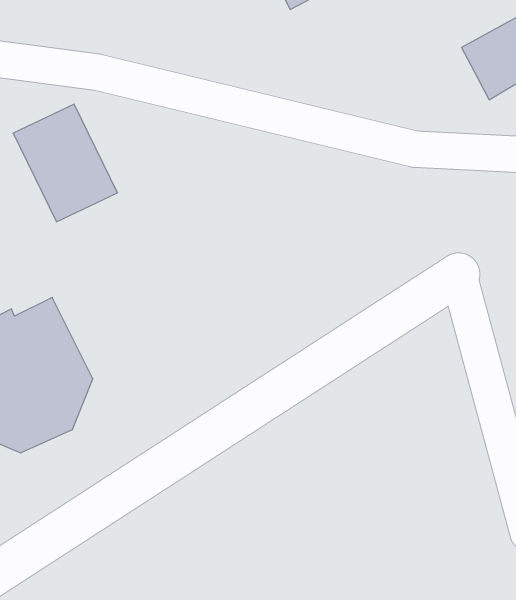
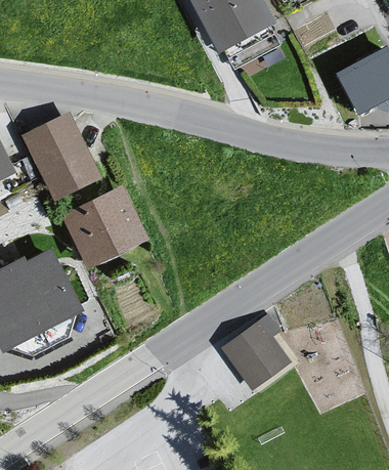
building: none -> [64,188,144,265]
building: none -> [218,312,289,386]

